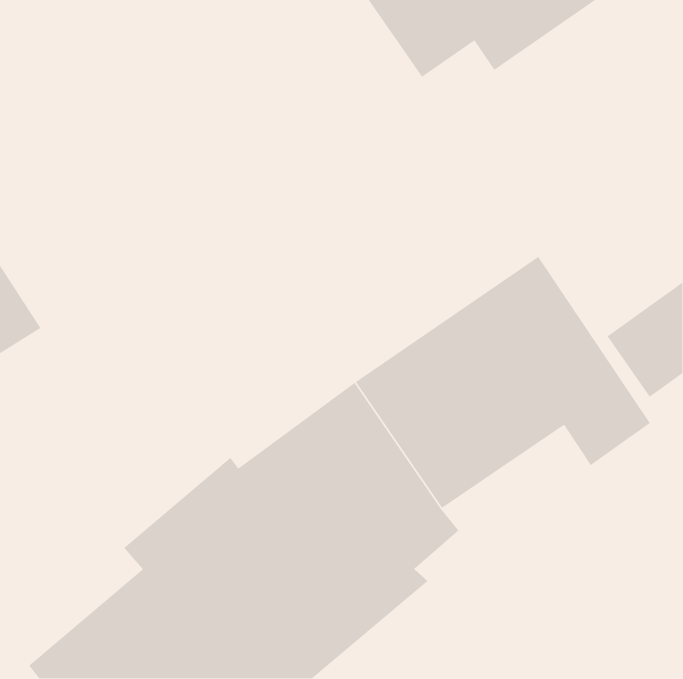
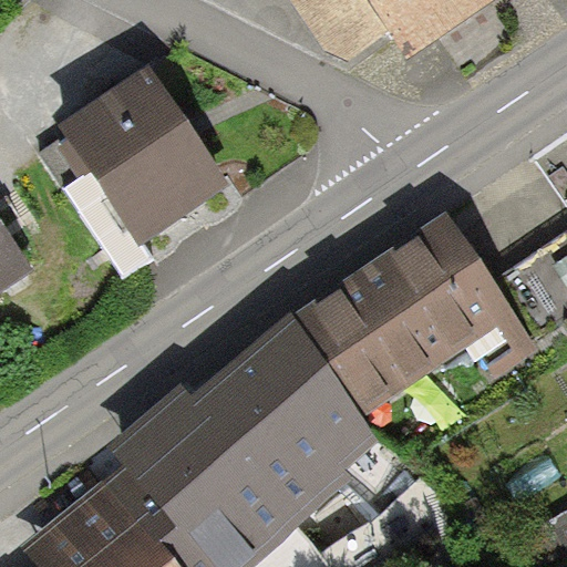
building: none -> [56,65,226,243]

